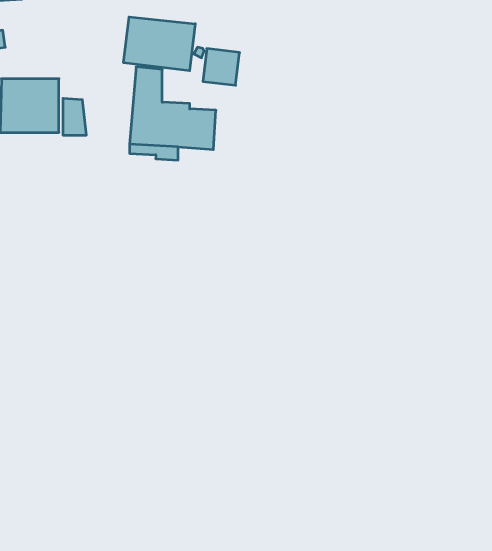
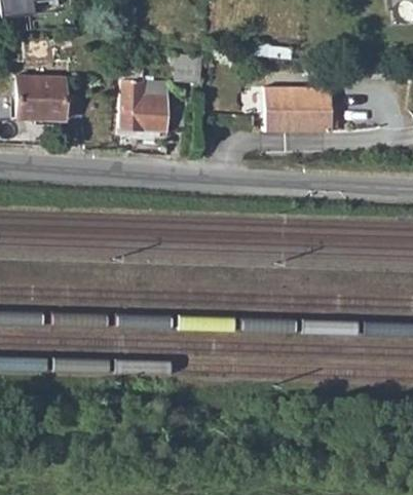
building: [124,17,195,71] -> none
building: none -> [262,85,331,132]

